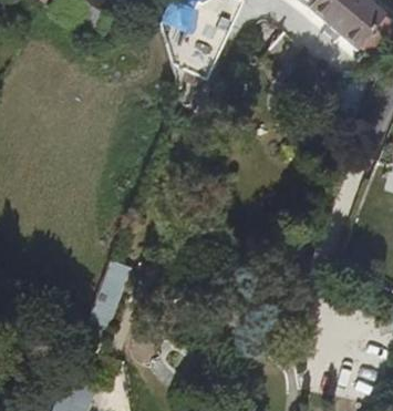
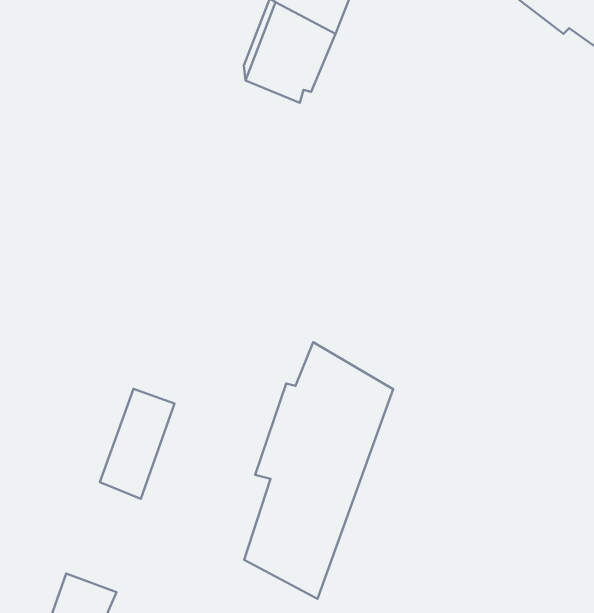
building: none -> [244,342,393,599]

